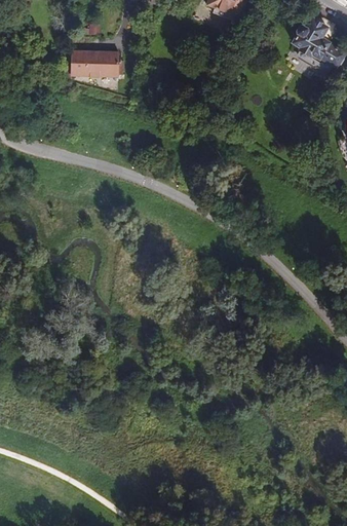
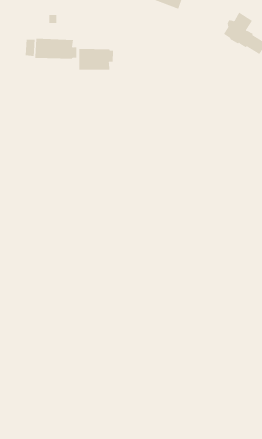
building: none -> [79,48,114,71]

